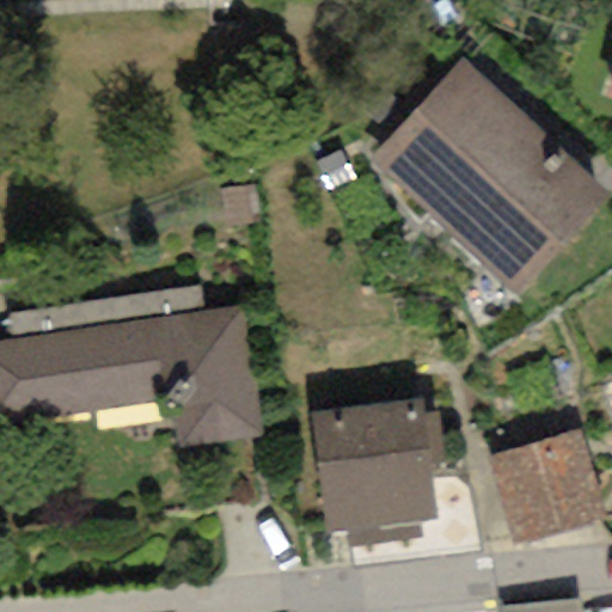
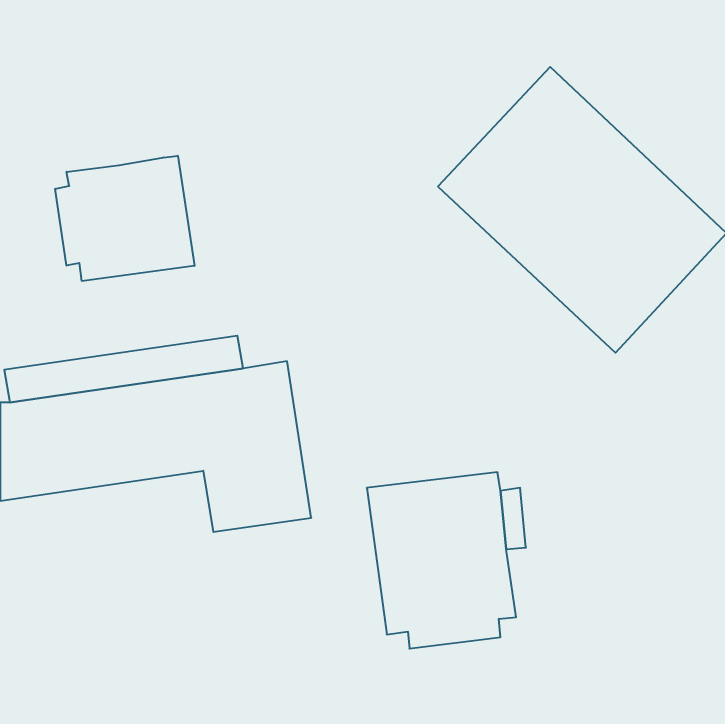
building: none -> [55,156,194,281]
building: [486,429,606,546] -> none

